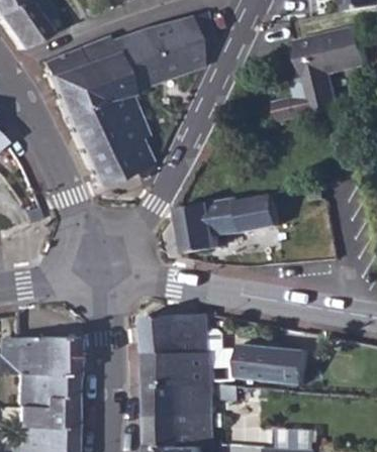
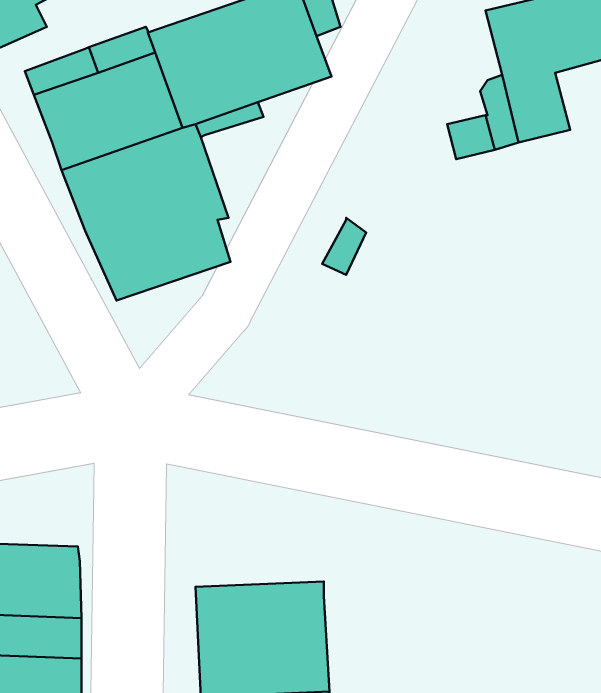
building: [181,192,283,248] -> none
building: [137,314,294,378] -> none

